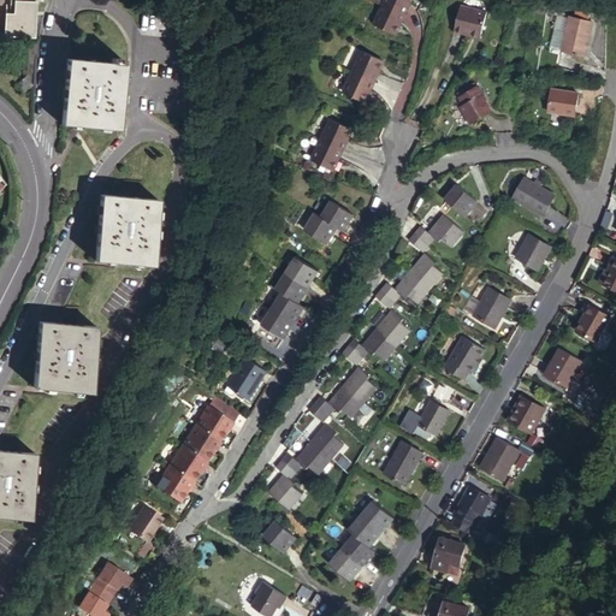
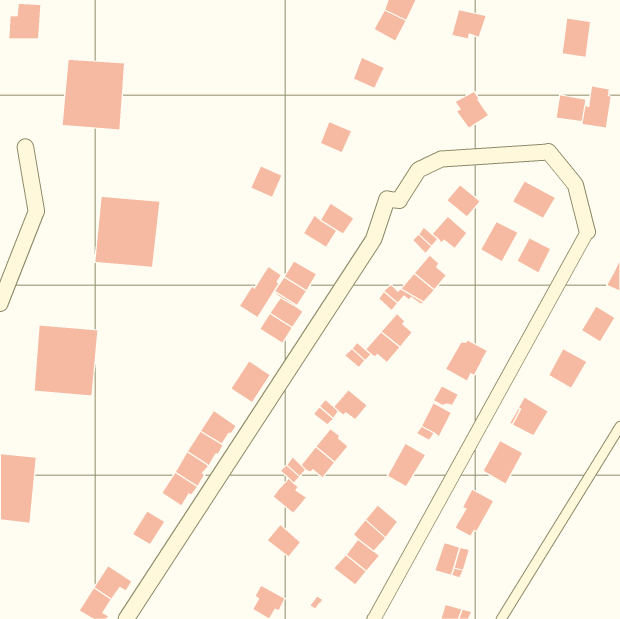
building: [340,78,372,108] -> none
building: none -> [582,86,611,128]
building: [308,142,339,173] -> [251,166,282,197]
building: none -> [239,266,282,318]
building: [470,289,508,328] -> [480,222,518,262]
building: [345,367,378,402] -> none

